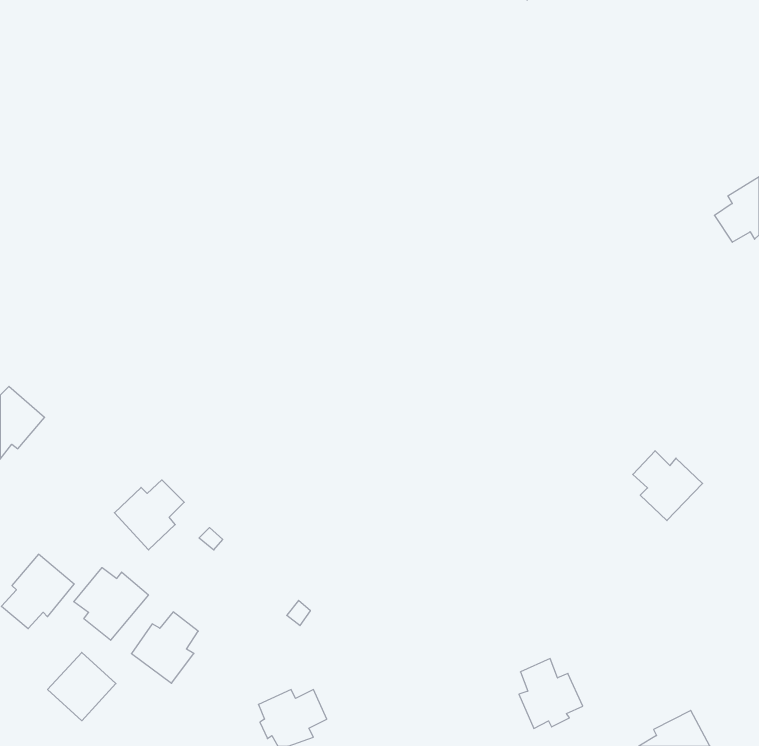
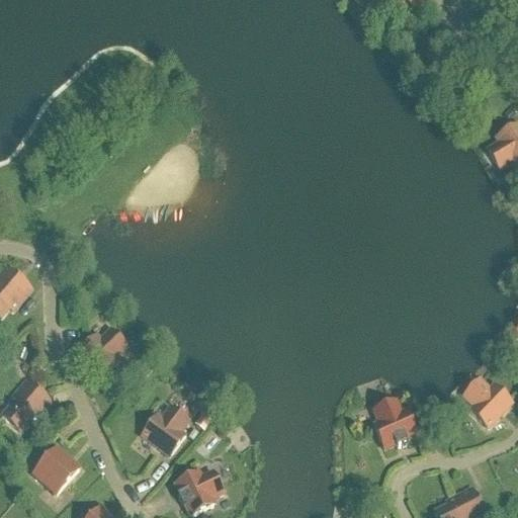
building: [633,451,703,521] -> [463,376,511,424]
building: [74,568,148,640] -> none
building: [131,612,198,683] -> [142,404,187,452]
building: [519,659,583,728] -> [373,398,417,445]

